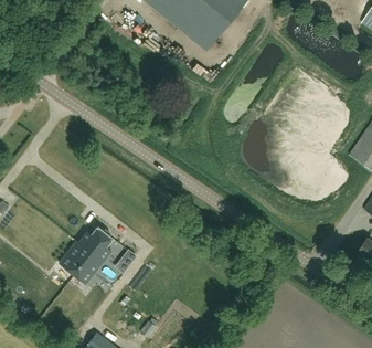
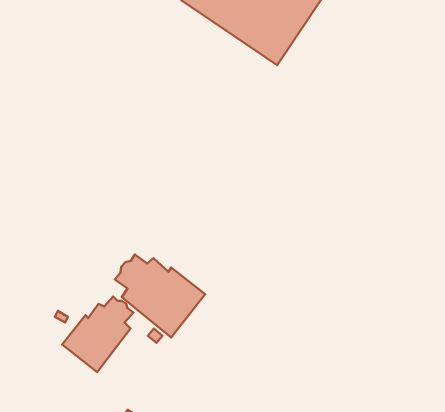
building: none -> [115,254,205,337]

